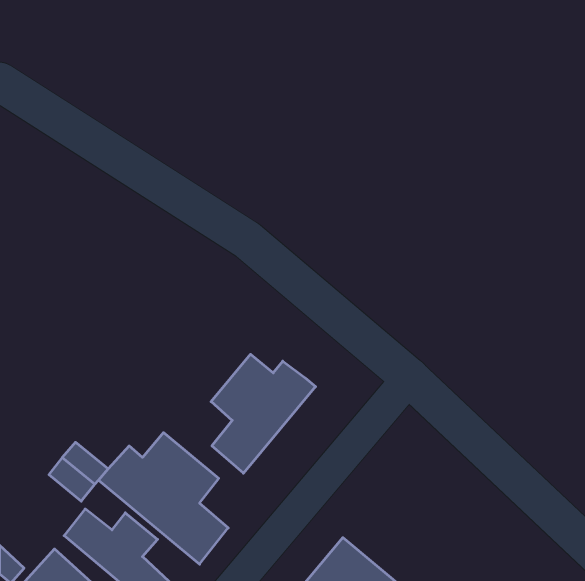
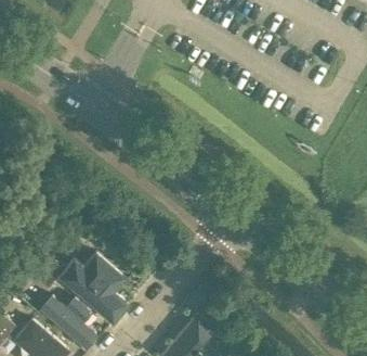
building: [211,354,316,473] -> none

